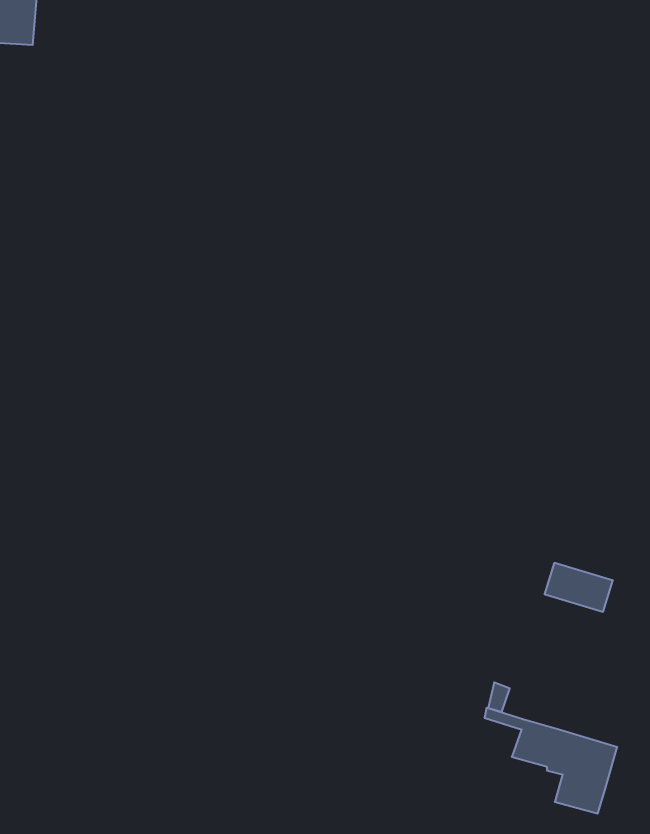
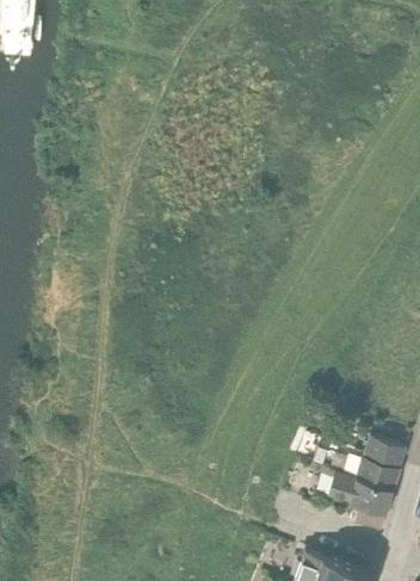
building: [544,563,613,612] -> [365,434,407,464]
building: none -> [358,458,400,488]

